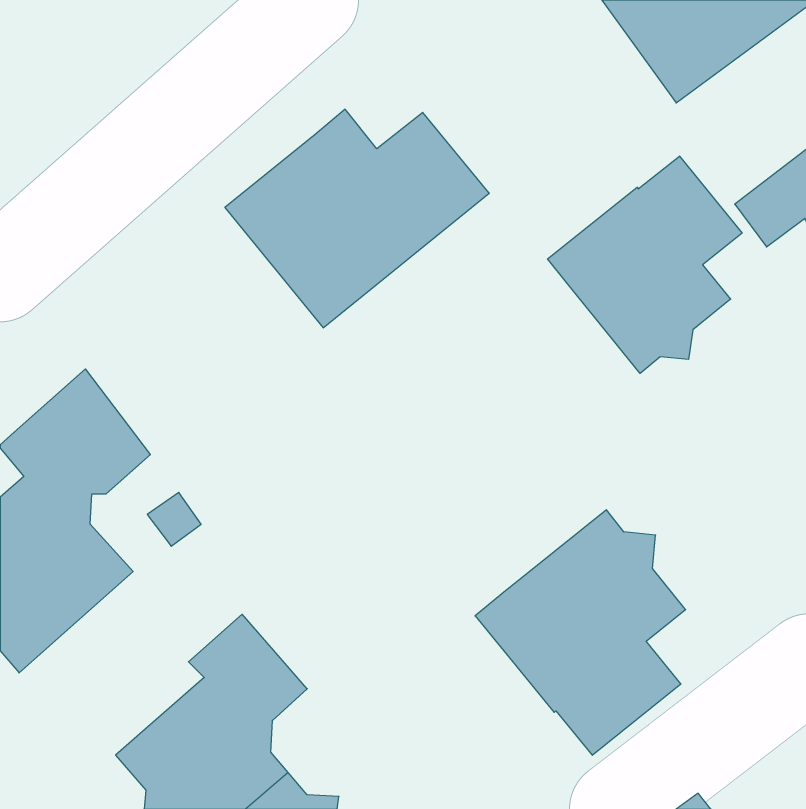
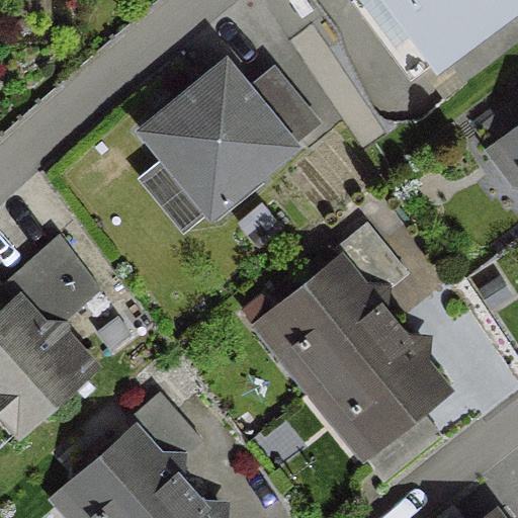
building: [548,156,742,373] -> none
building: none -> [279,224,403,379]

